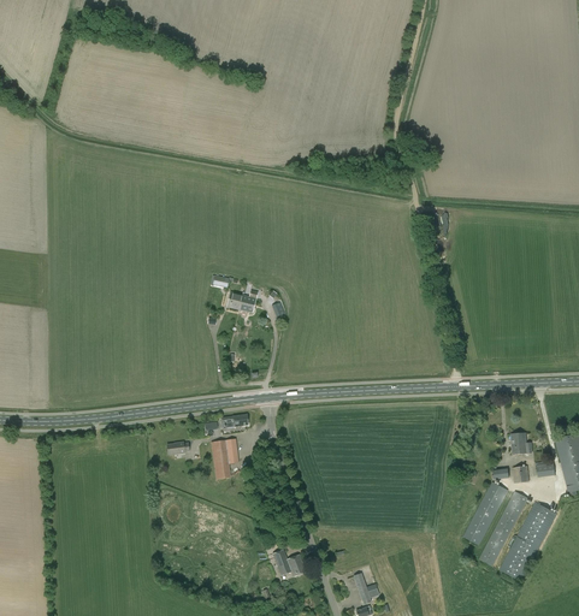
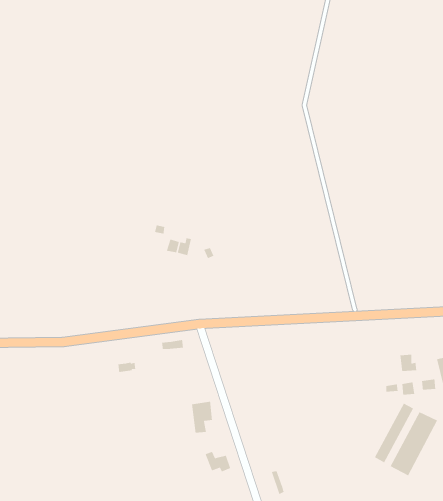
building: [211,438,237,478] -> [191,401,213,433]
building: [462,481,507,545] -> none

